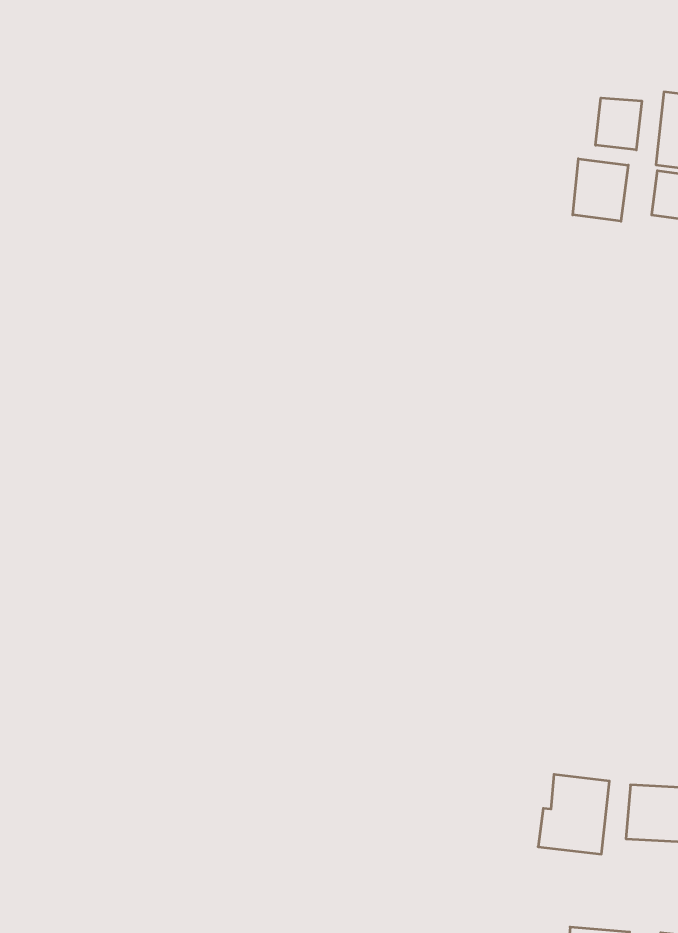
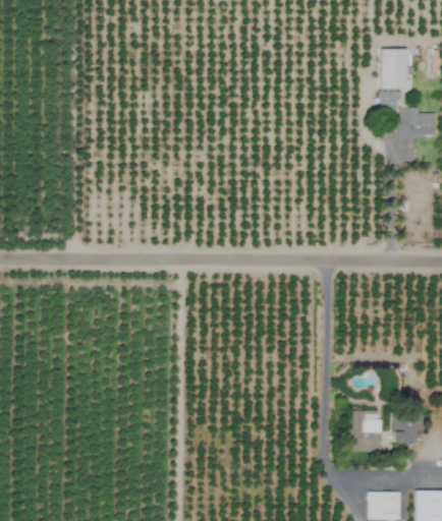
building: [596,98,642,150] -> none
building: [573,159,628,221] -> none

